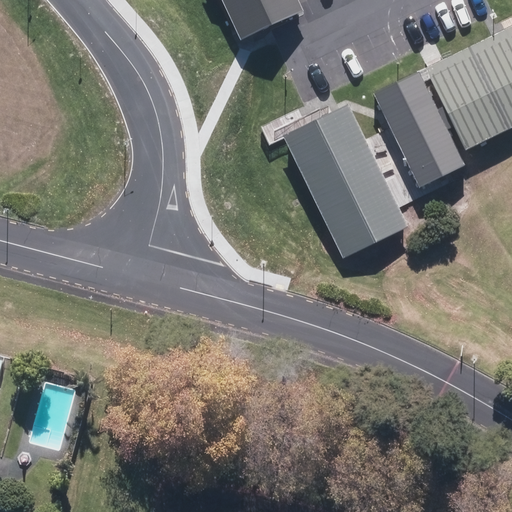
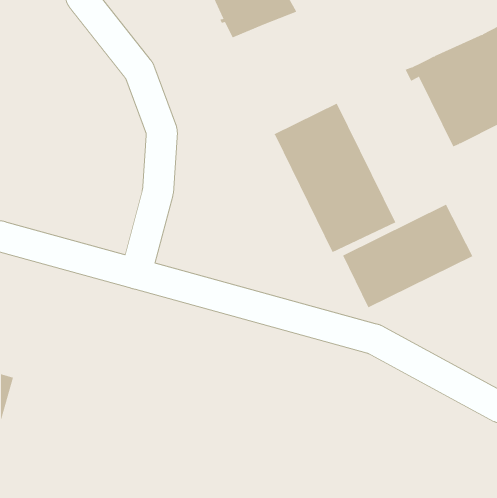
building: [374,71,464,187] -> none
building: none -> [342,204,473,308]

